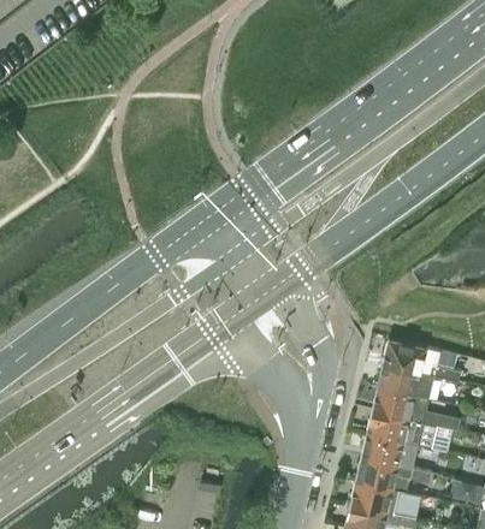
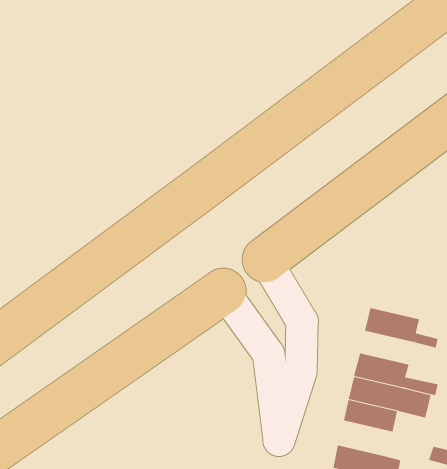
building: [377,374,433,409] -> none
building: [354,466,430,504] -> none

